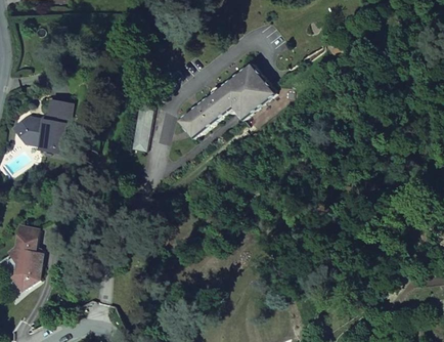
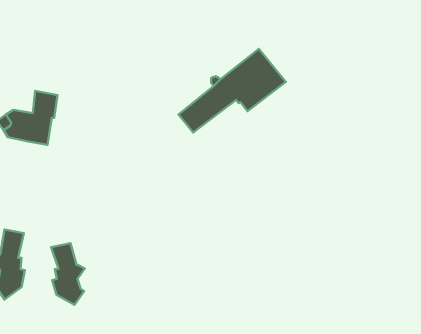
building: [130,104,153,152] -> none
building: none -> [51,243,85,305]

